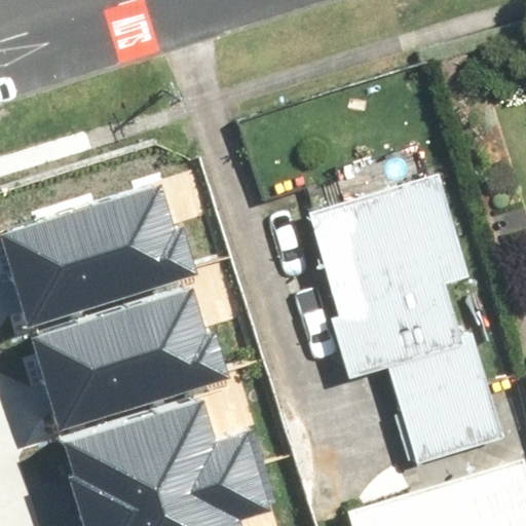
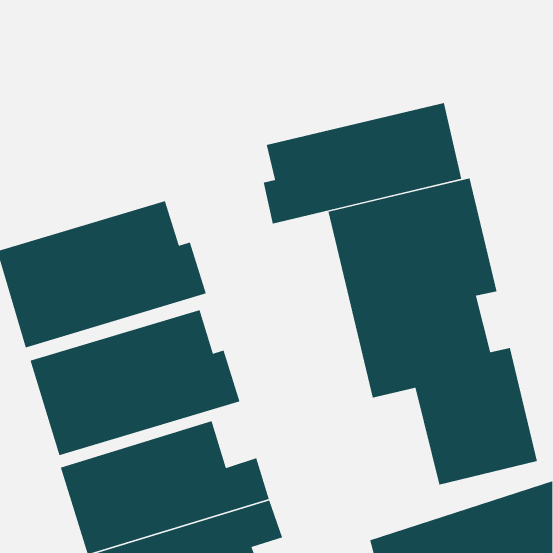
building: none -> [263,102,462,224]

